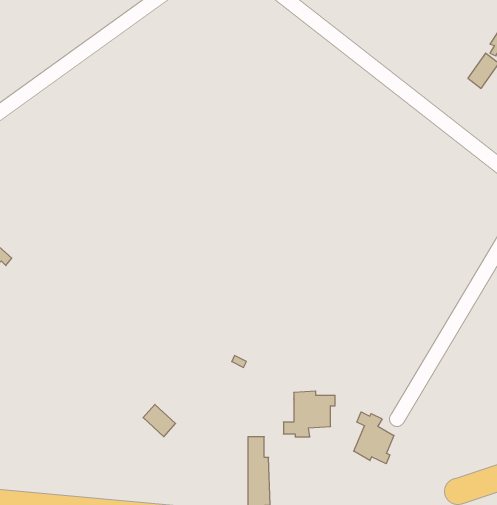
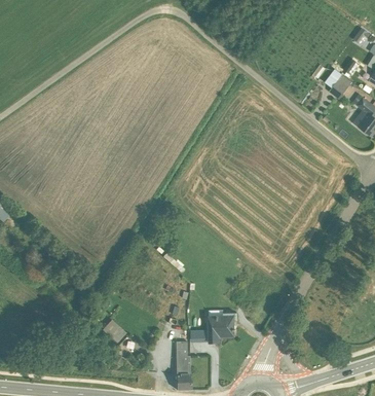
building: [354,412,394,464] -> none

